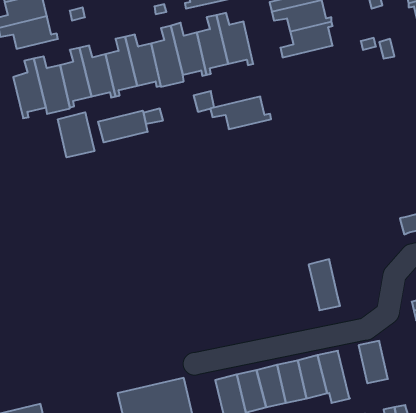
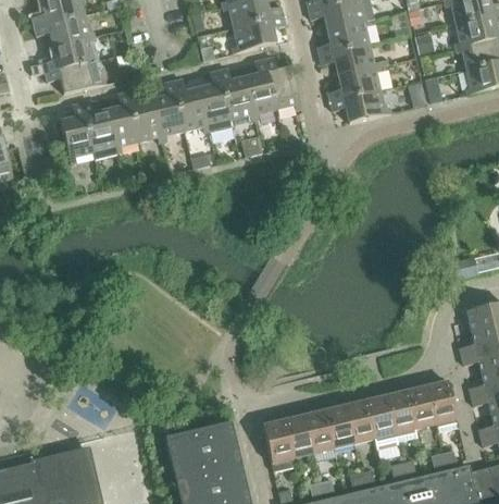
building: [210,97,271,129] -> [330,90,391,123]
building: [98,111,148,142] -> none
building: [58,112,94,157] -> none
building: [309,259,340,310] -> [386,391,417,442]
building: none -> [427,381,459,432]

